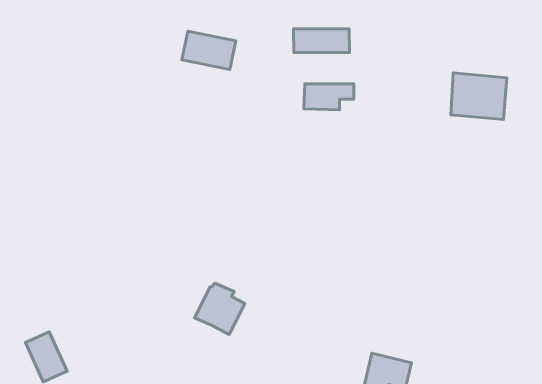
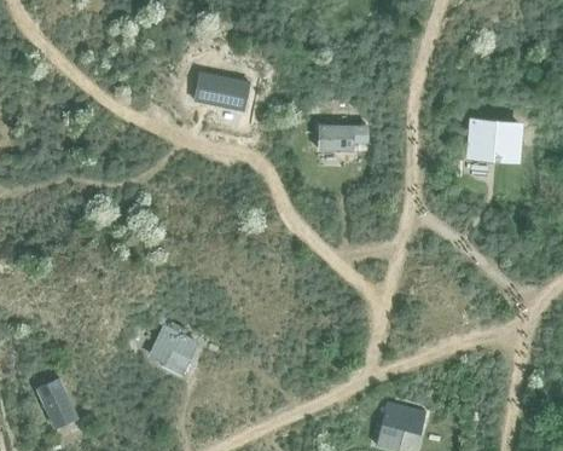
building: [293,29,349,53] -> none
building: [195,283,245,335] -> [147,323,198,375]

